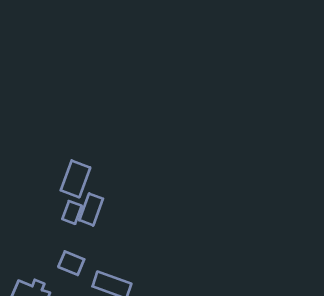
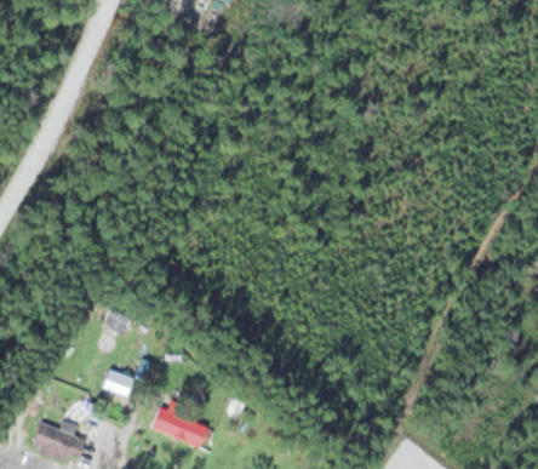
building: [61,160,90,197] -> none
building: [79,193,103,226] -> none

